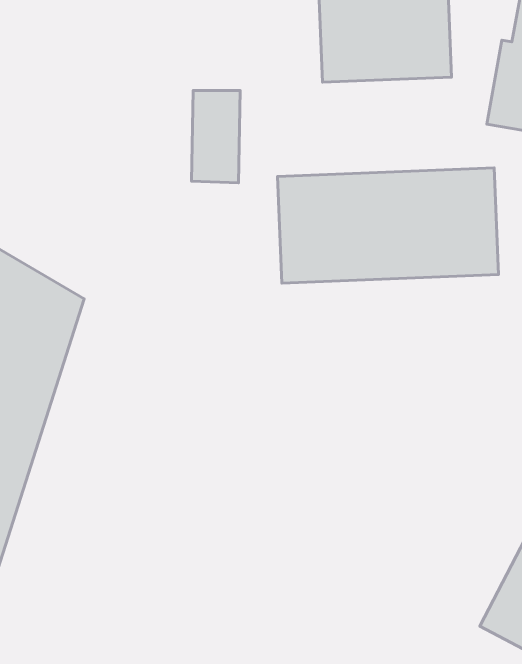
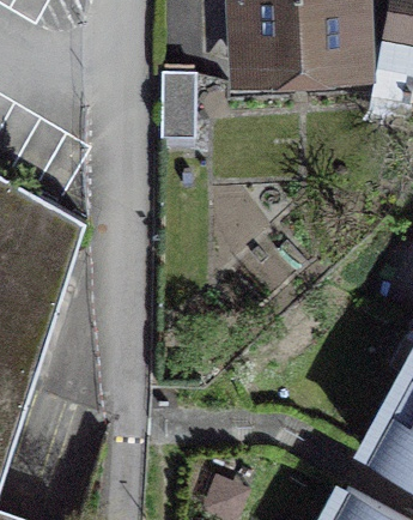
building: [277,168,498,283] -> none

